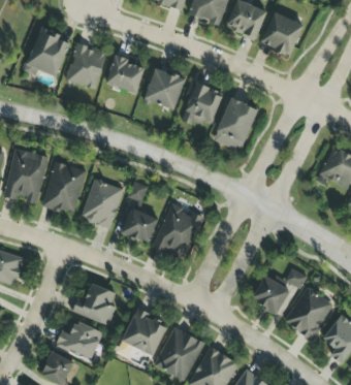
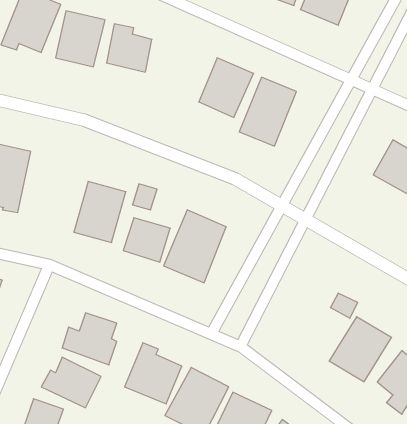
building: [145,68,185,109] -> none
building: [42,161,87,214] -> none
building: [252,276,290,314] -> none

